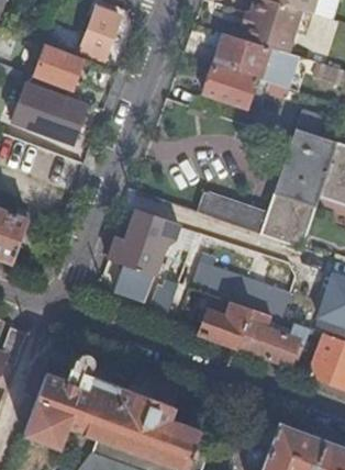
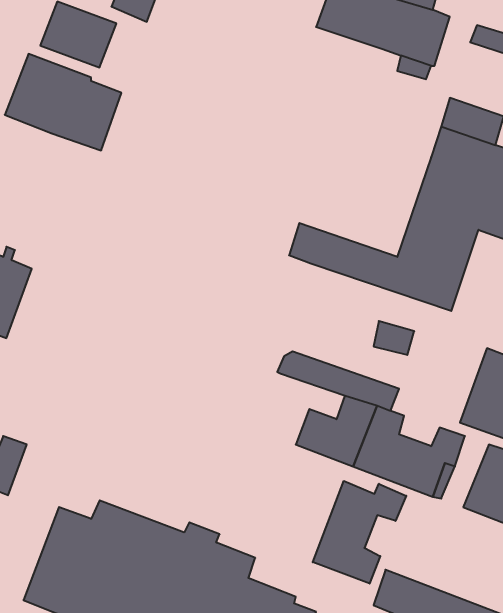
building: [203,63,257,107] -> none
building: [109,192,211,288] -> none
building: none -> [313,481,406,584]

